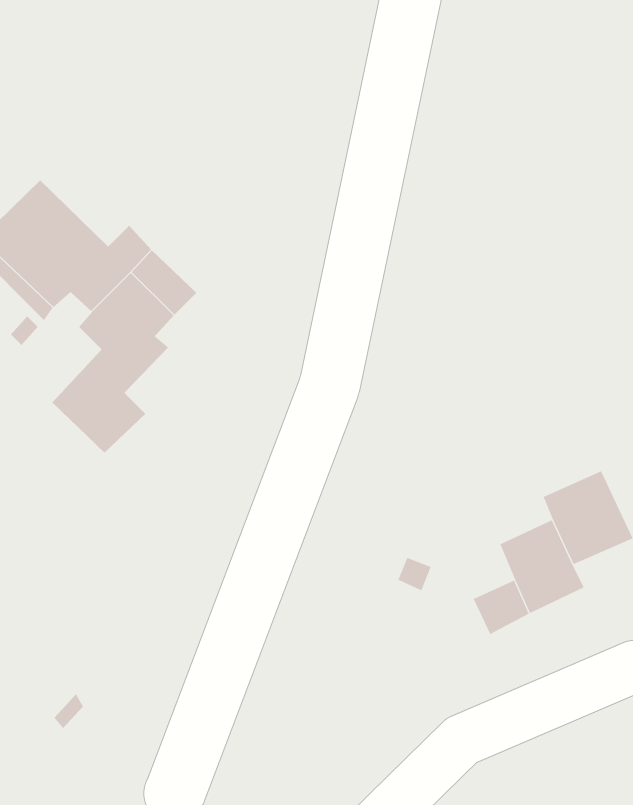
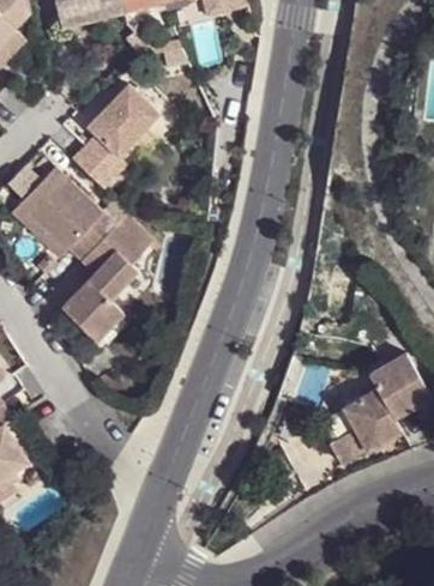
building: none -> [70,83,157,186]

